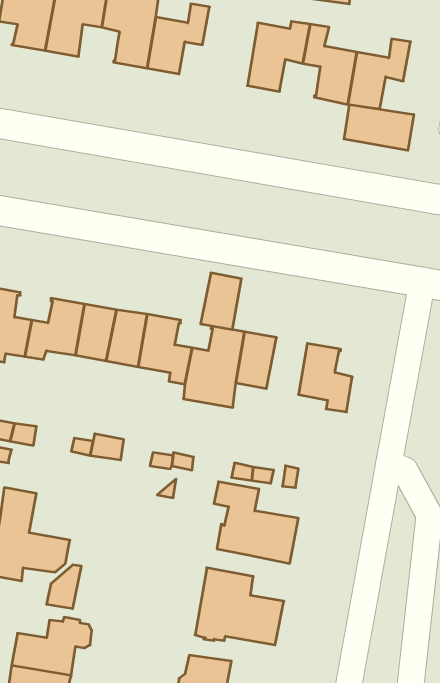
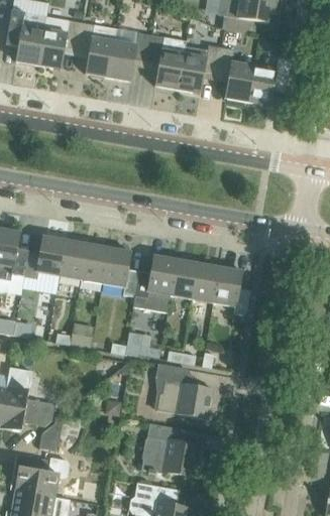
building: none -> [146,34,186,89]
building: [344,105,414,150] -> none
building: [201,273,241,330] -> [191,263,219,302]

